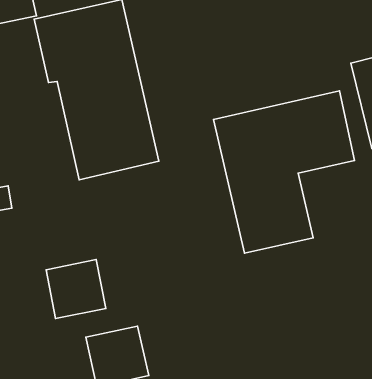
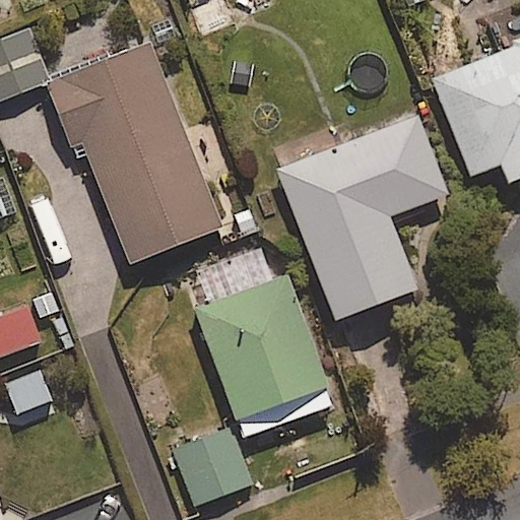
building: none -> [188,249,328,432]
building: [46,259,106,319] -> none

